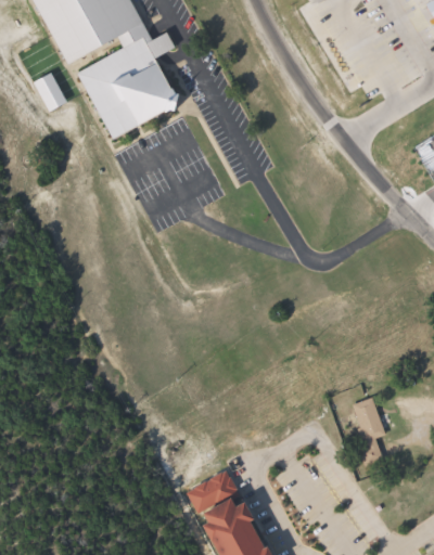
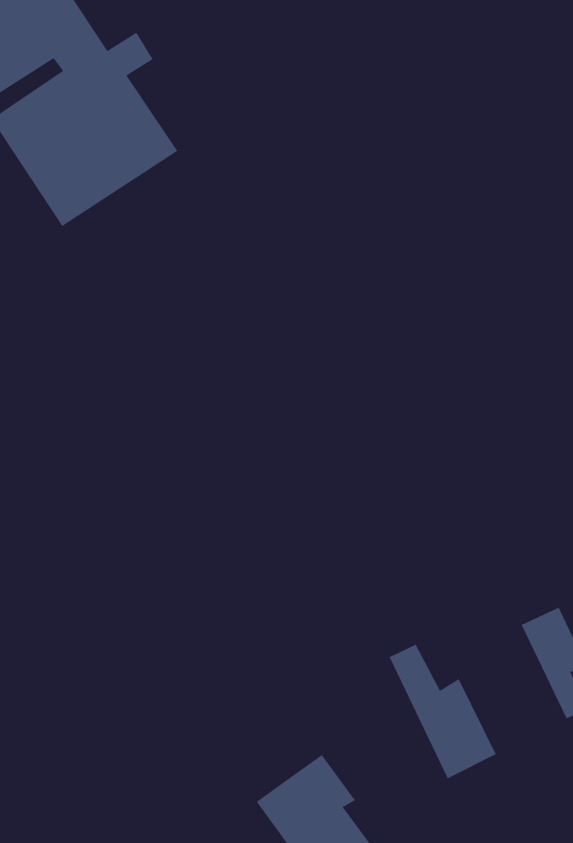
building: none -> [389,644,496,779]

